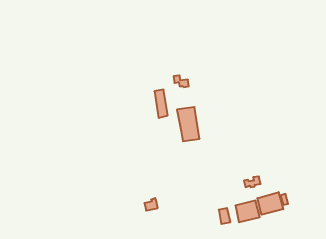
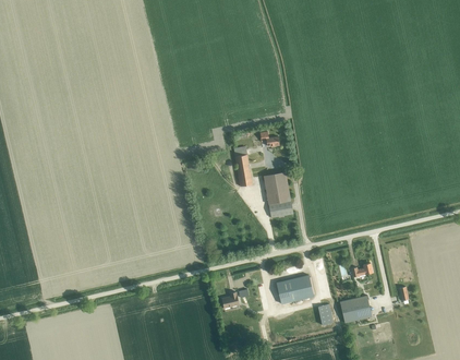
building: none -> [276,275,314,303]
building: [257,192,283,215] -> none

